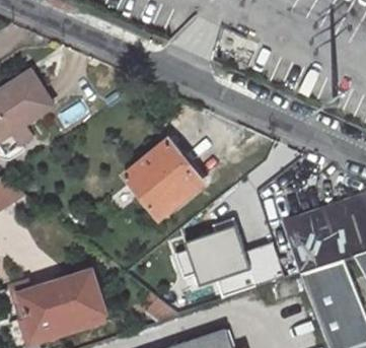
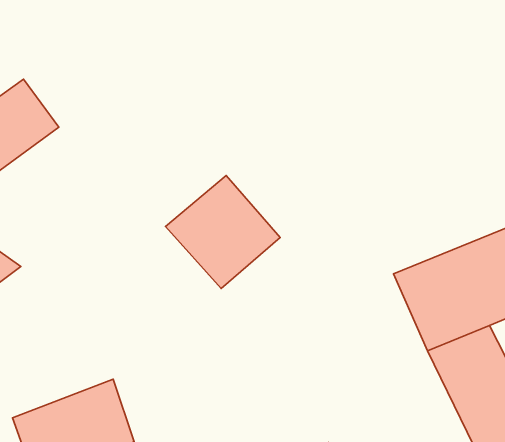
building: [186,226,280,291] -> none

